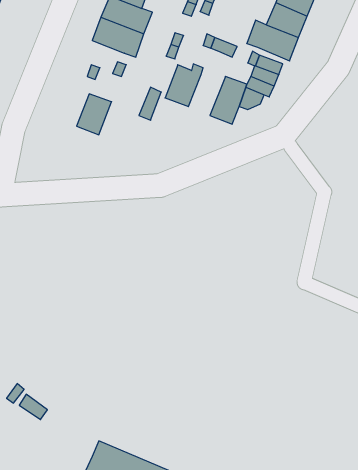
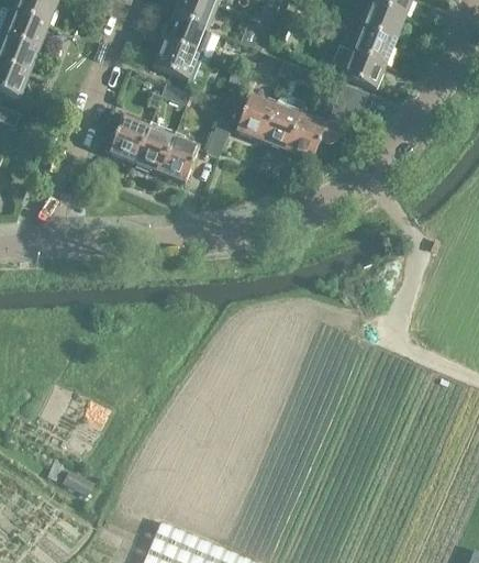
building: none -> [260,97,302,151]
building: none -> [108,115,148,163]
building: none -> [159,135,198,183]

